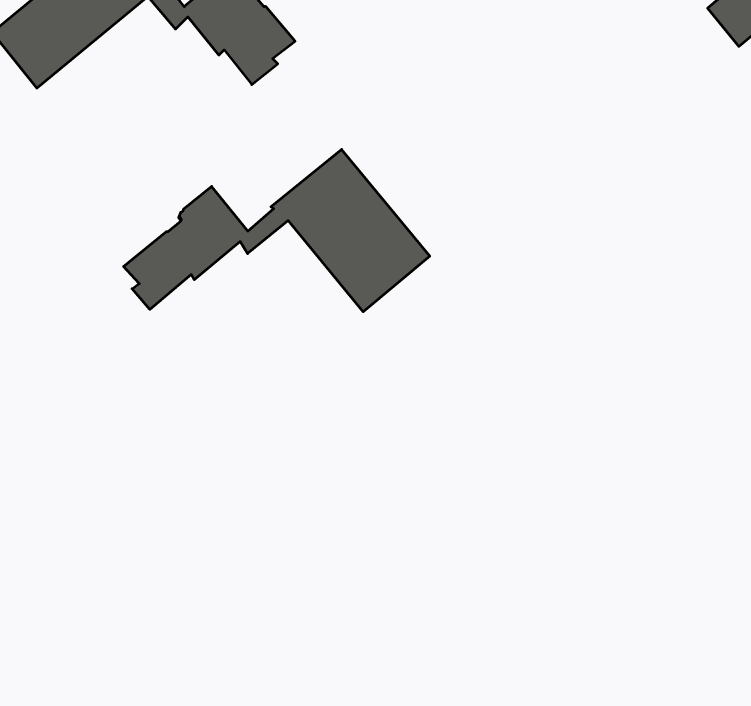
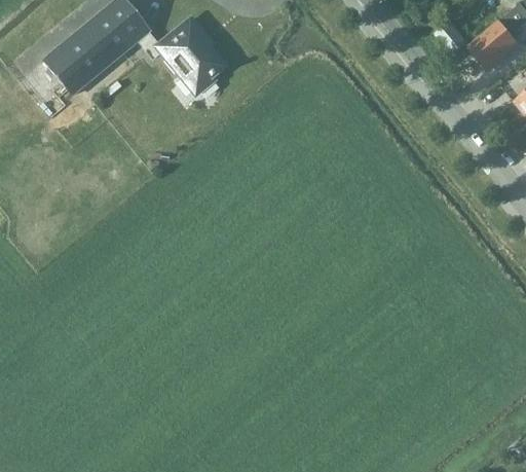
building: [124,149,430,312] -> none

